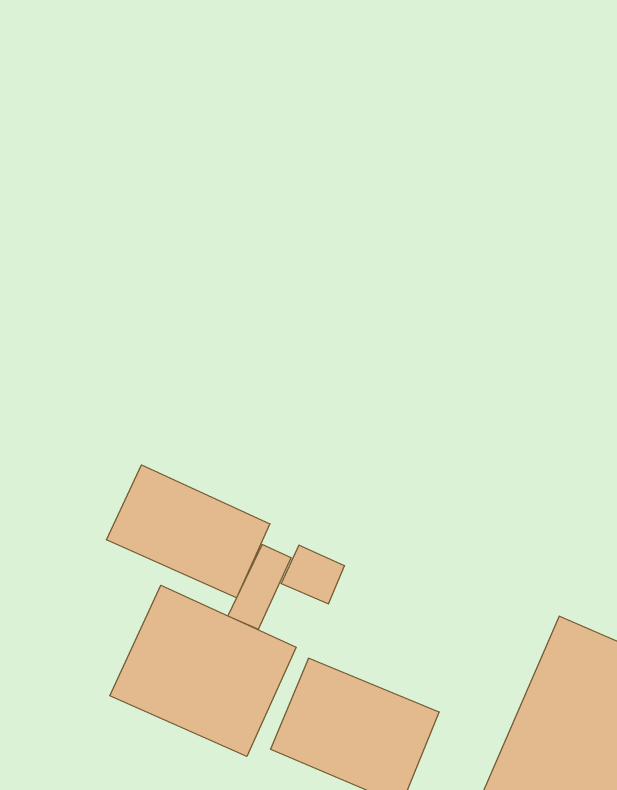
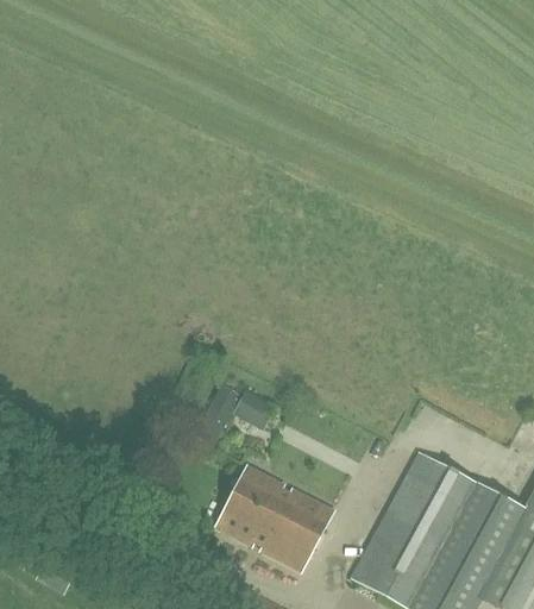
building: [107,465,270,598] -> none
building: [110,585,296,756] -> none

